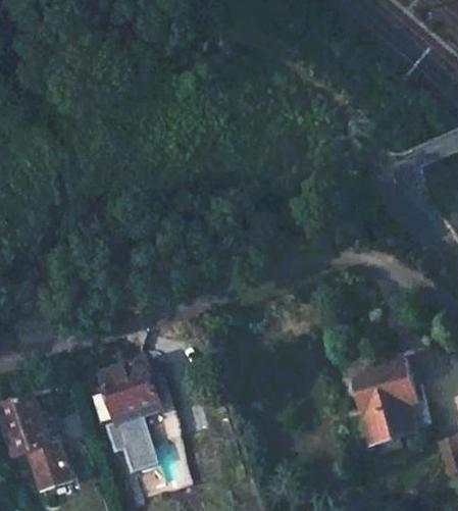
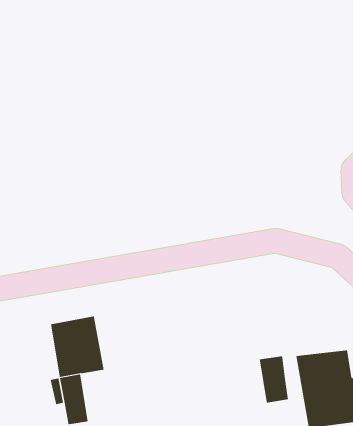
building: none -> [259,355,288,404]

